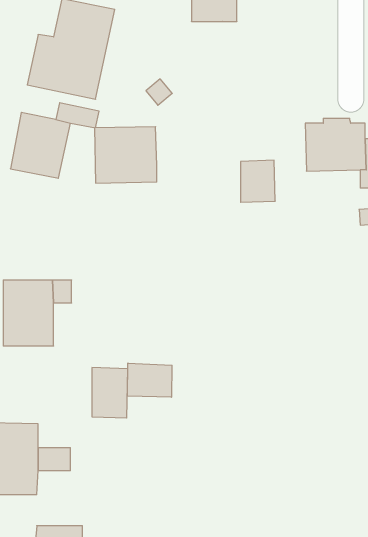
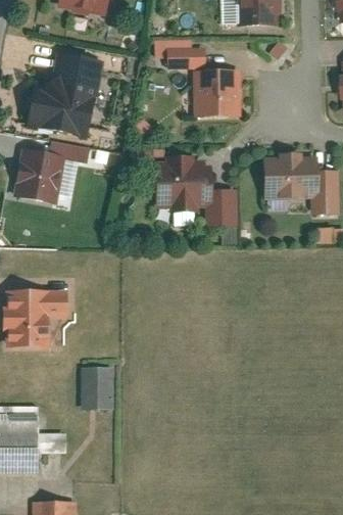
building: none -> [194,69,241,118]
building: [94,127,157,183] -> [156,157,209,205]
building: [127,363,172,397] -> none

